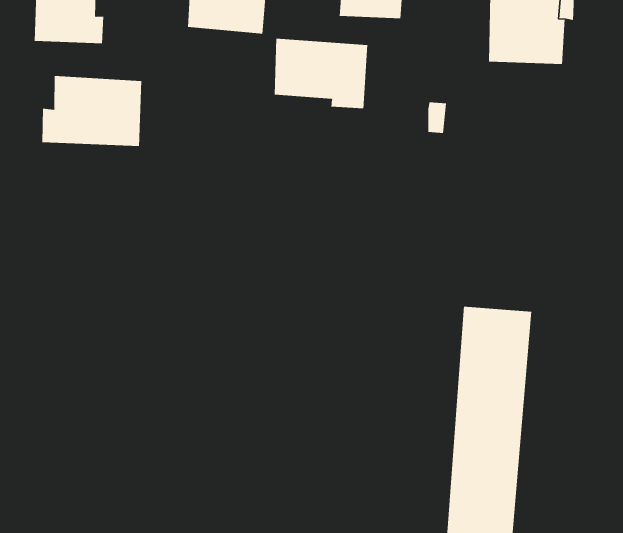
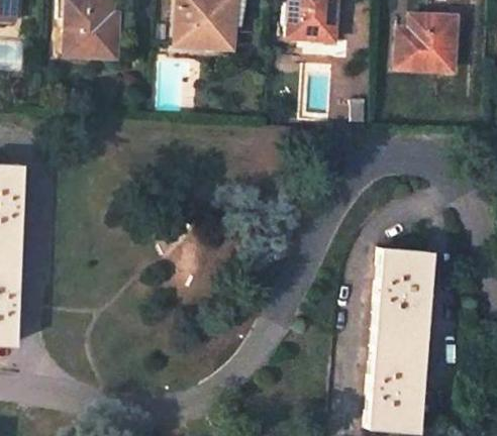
building: [274,38,368,109] -> none
building: [42,75,142,147] -> none

